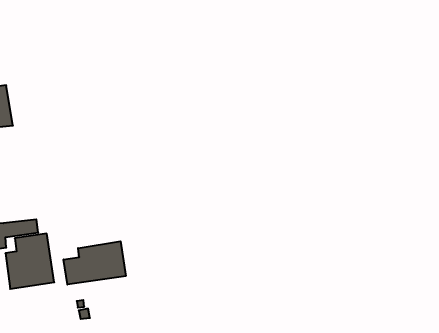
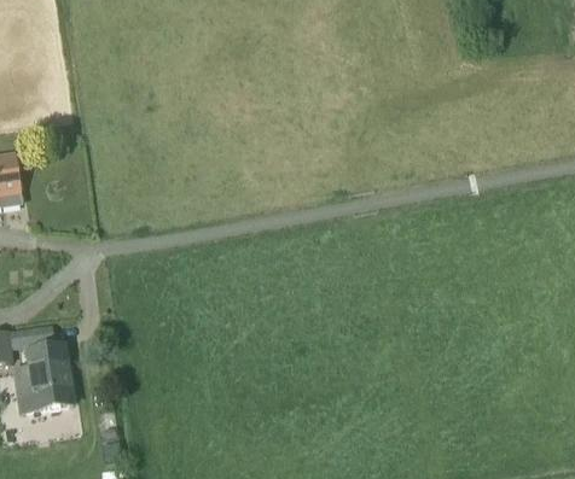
building: [64,241,126,285] -> none

